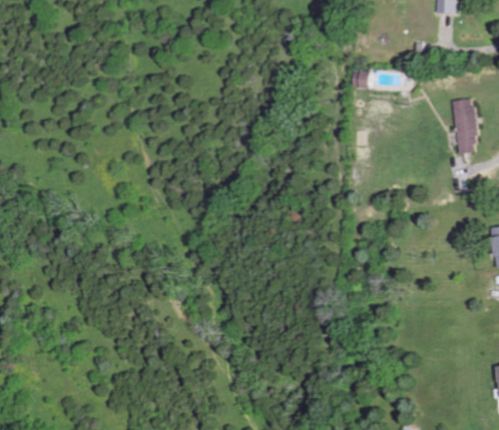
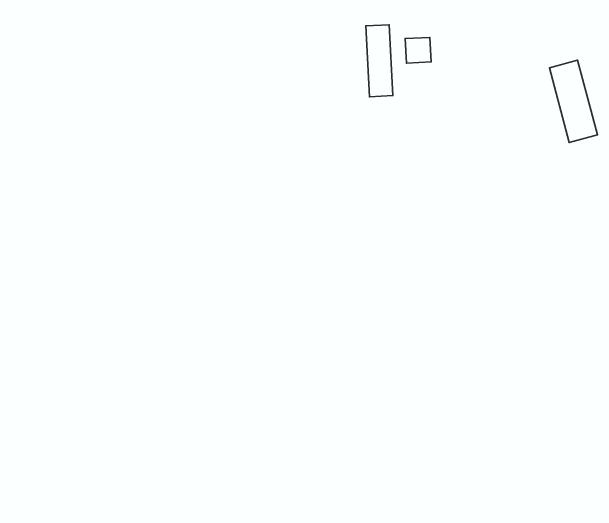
building: none -> [366,25,393,97]

